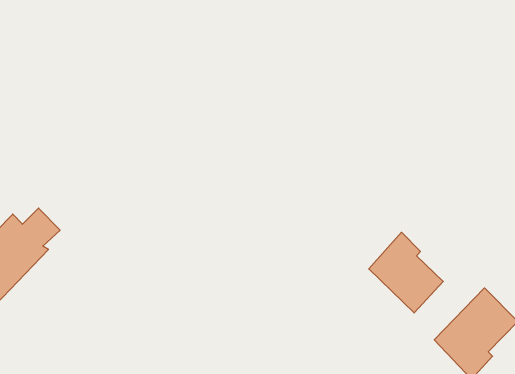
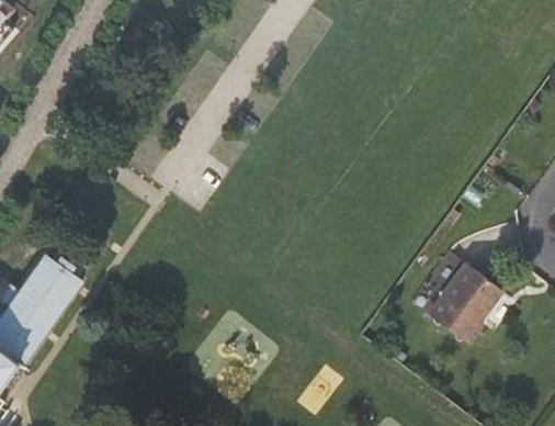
building: [369,232,443,313] -> none

